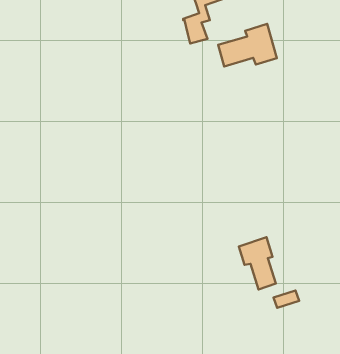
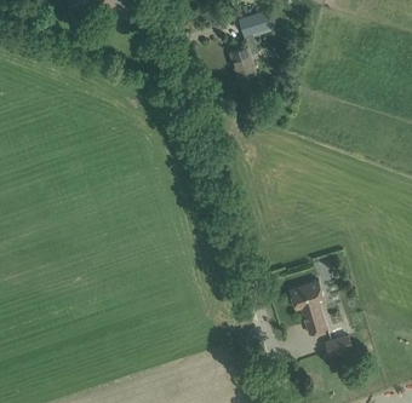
building: [218,24,277,66] -> none

